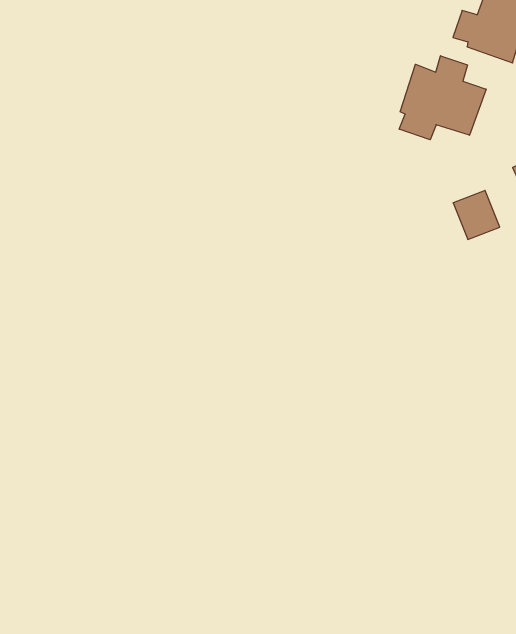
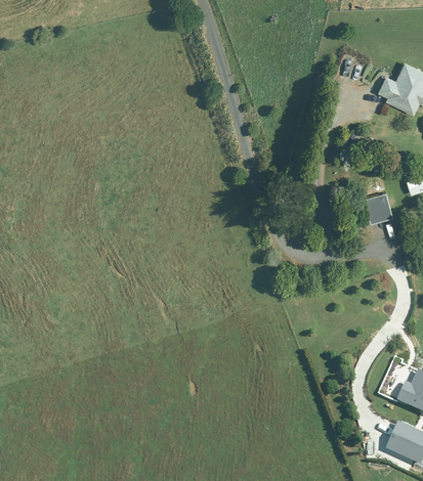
building: [399,56,486,140] -> none

